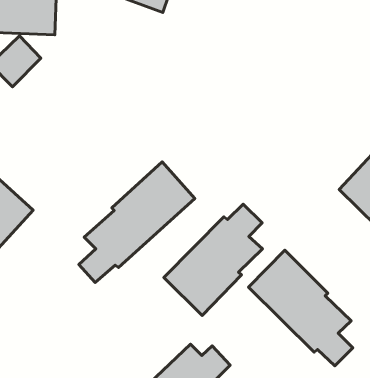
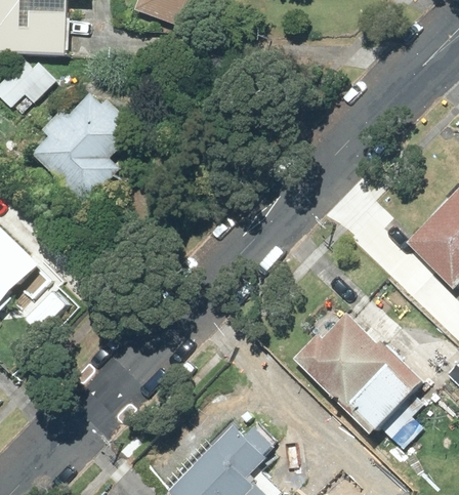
building: none -> [31,91,133,209]
building: [79,162,195,283] -> none
building: [164,204,262,315] -> none

